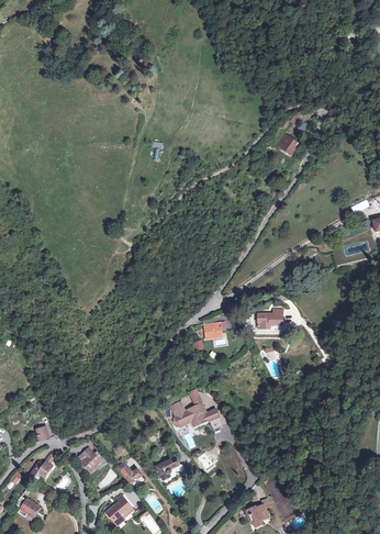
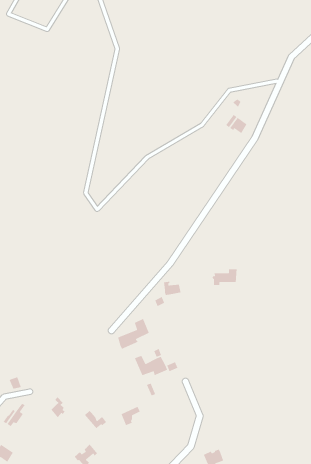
building: none -> [117,318,150,350]

